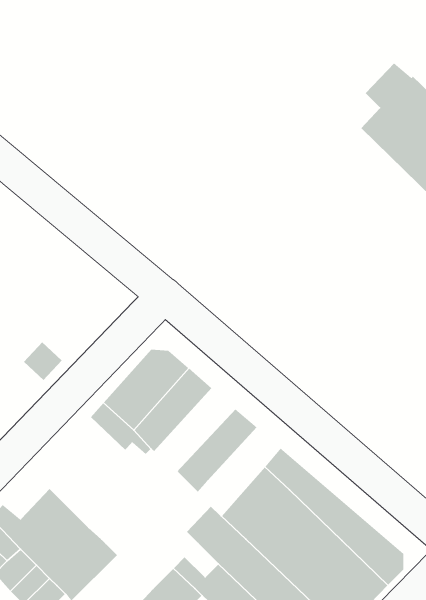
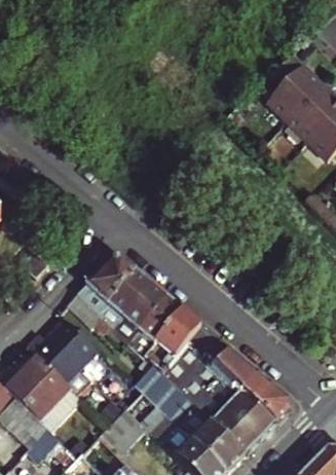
building: none -> [116,285,174,344]
building: none -> [154,313,206,366]
building: none -> [32,319,102,395]

